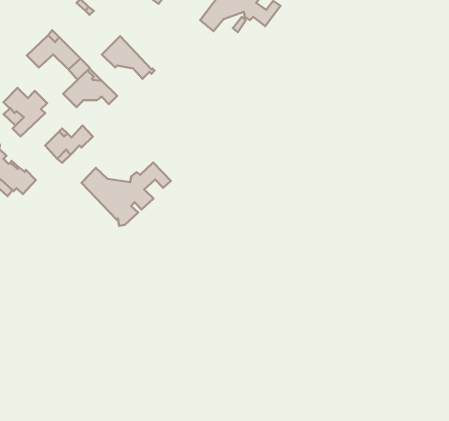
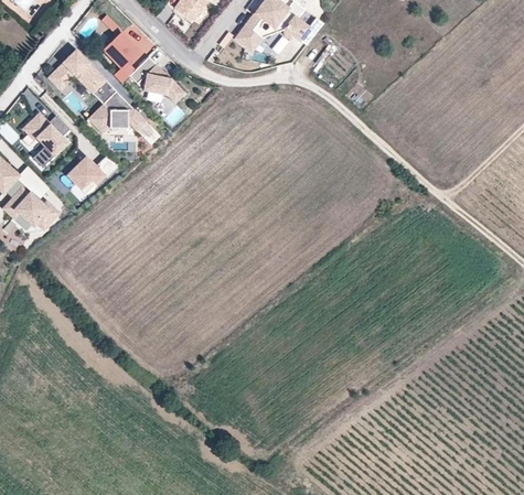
building: none -> [105,34,139,83]
building: [81,162,171,226] -> none

